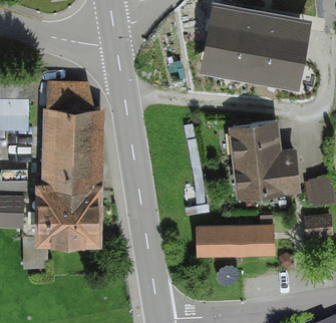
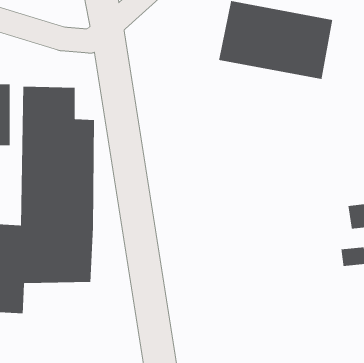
building: [229,120,294,192] -> none
building: [193,225,270,251] -> none

